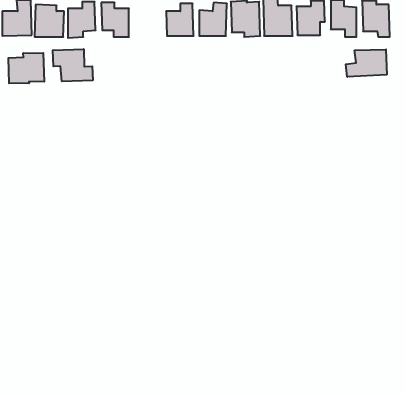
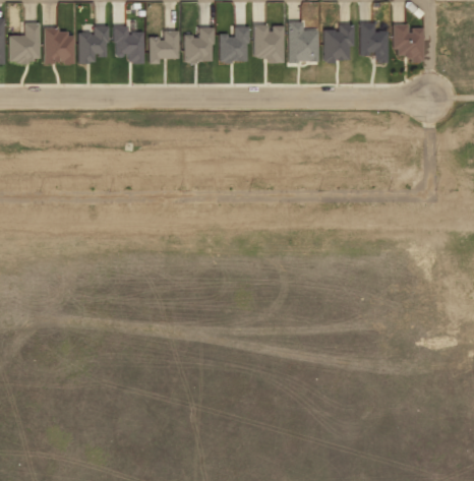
building: none -> [150,31,179,64]
building: [53,49,93,81] -> none
building: [346,49,387,77] -> none
building: [8,53,44,83] -> none

